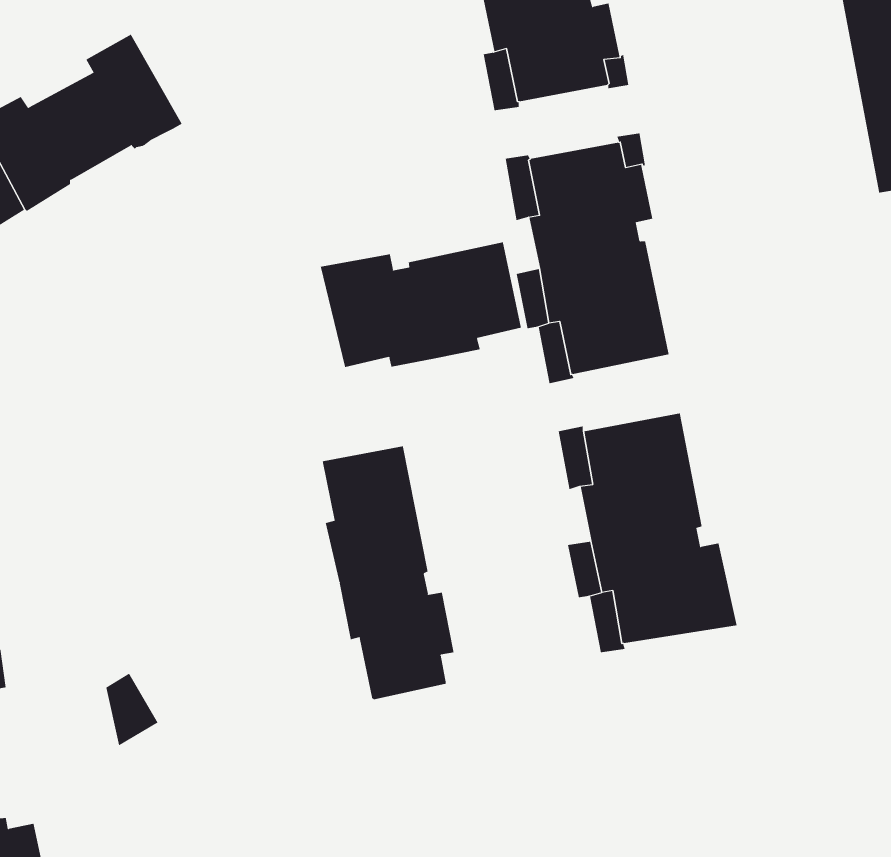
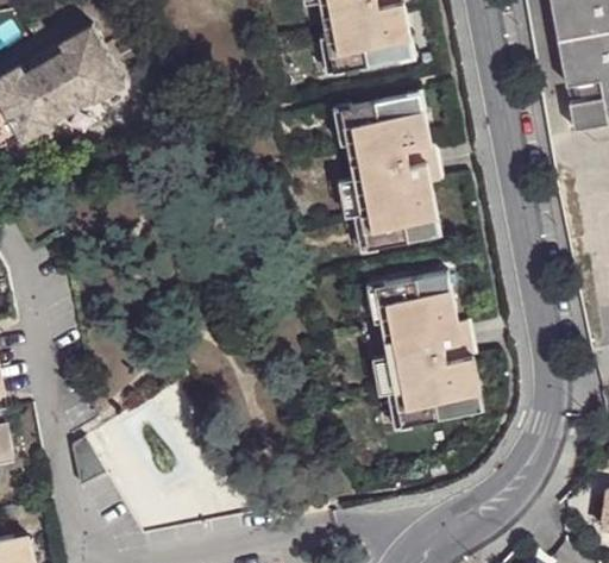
building: [320,242,522,368] -> none
building: [322,445,455,700] -> none

